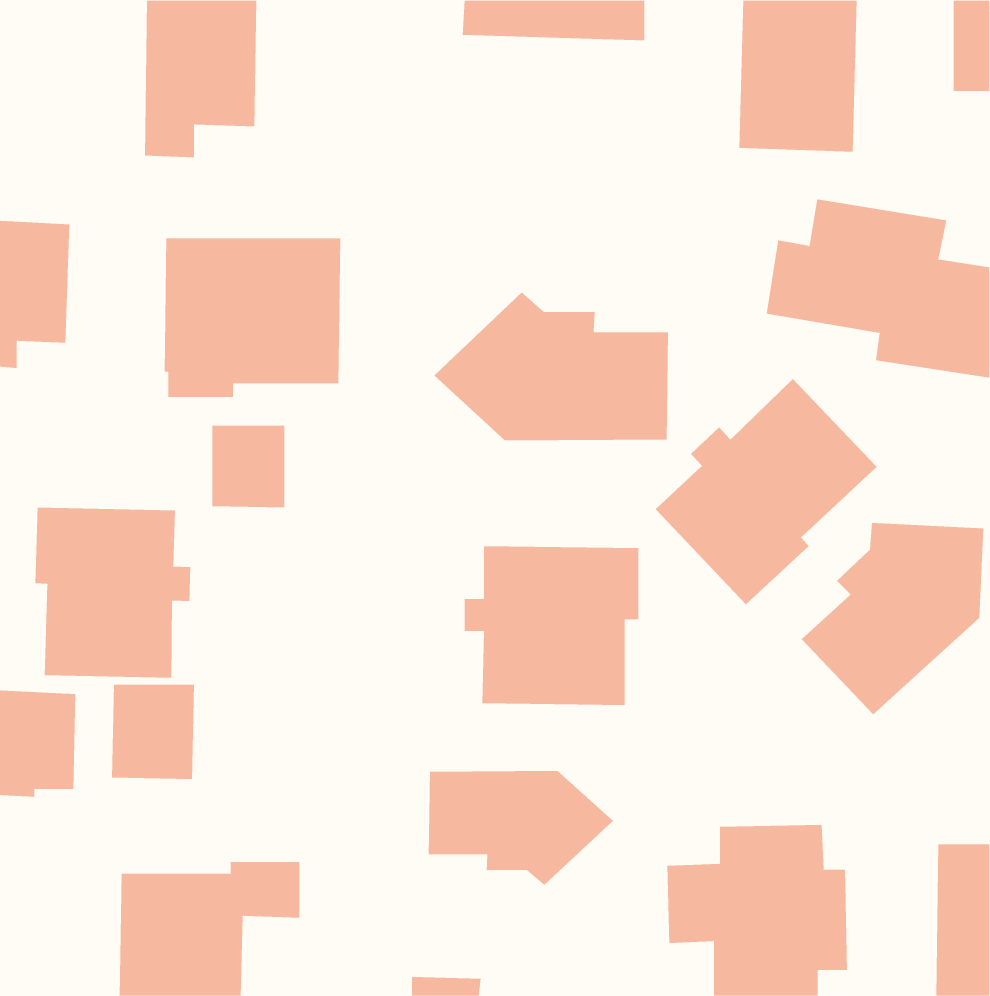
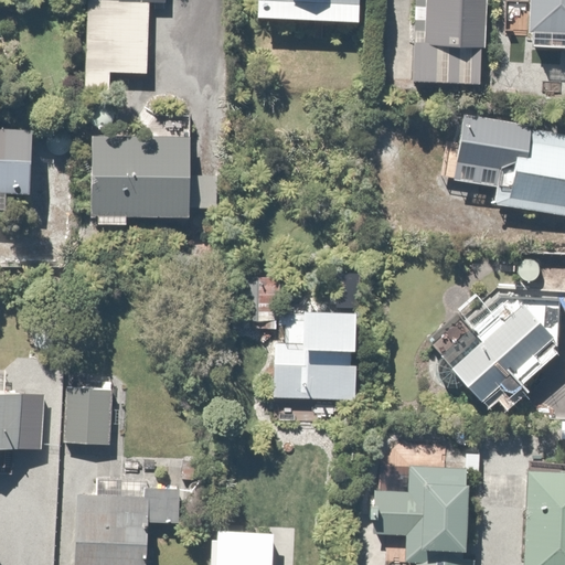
building: [433,292,668,441] -> none
building: [655,378,877,605] -> none
building: [212,425,285,508] -> none
building: [35,507,191,678] -> none
building: [428,770,614,886] -> none

